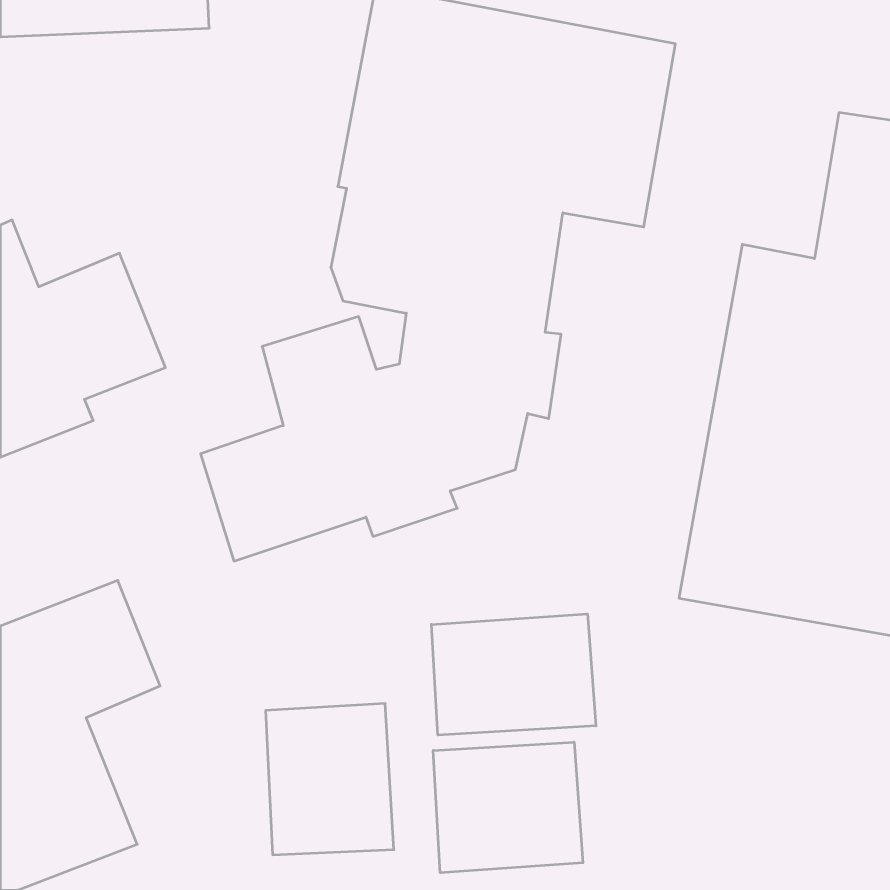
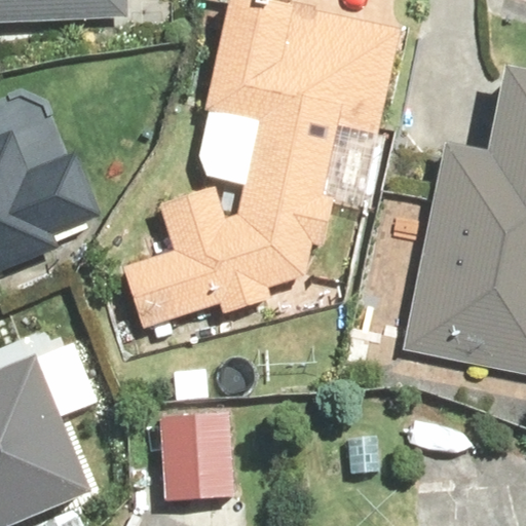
building: [431,614,596,735] -> none
building: [433,742,583,873] -> none

